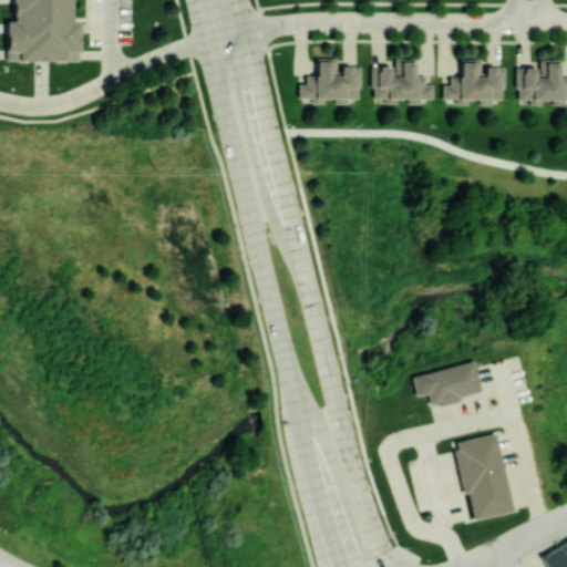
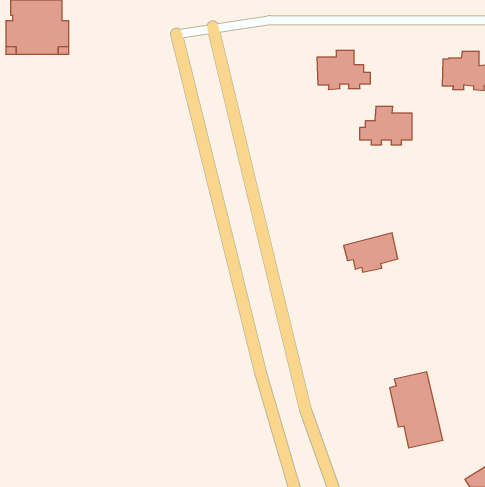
building: [299,59,360,103] -> none
building: [443,60,504,104] -> [360,107,412,145]
building: [421,362,484,408] -> [344,233,398,272]

